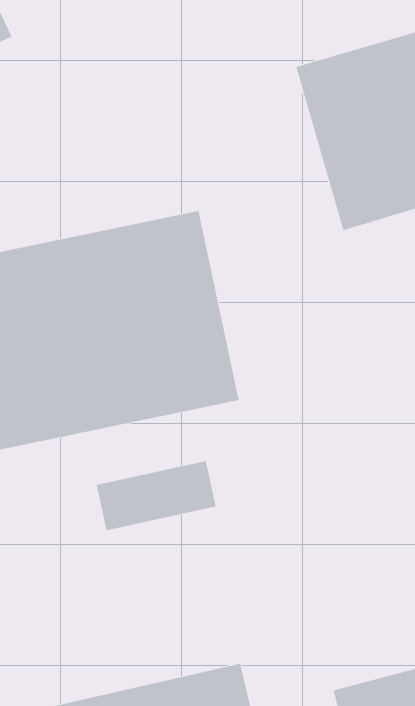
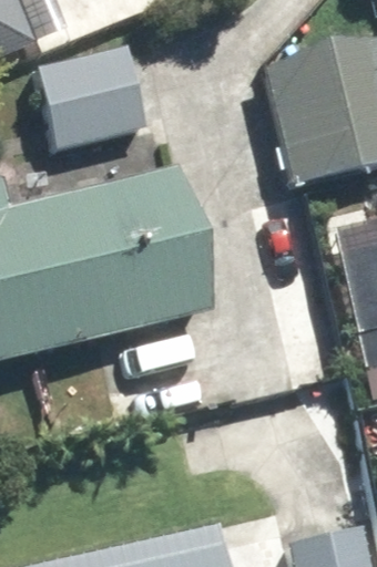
building: none -> [34,42,146,151]

